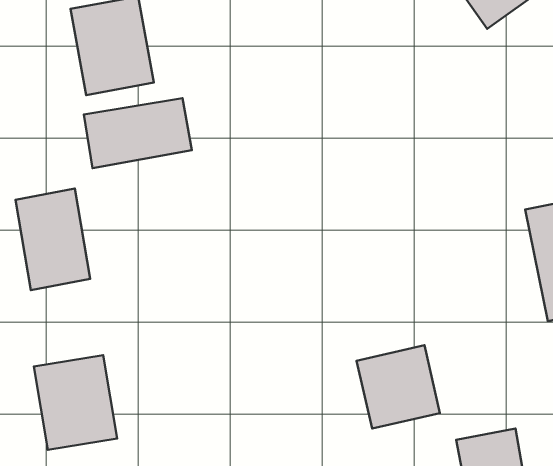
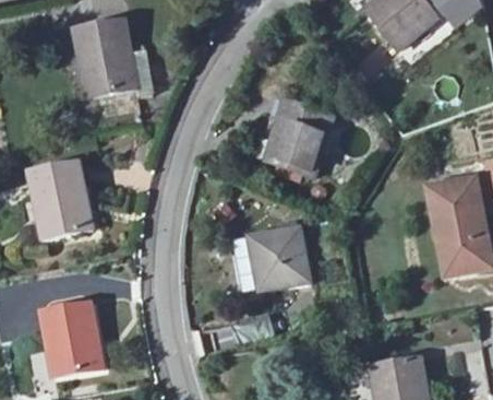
building: none -> [261,95,335,174]
building: [84,98,192,168] -> none
building: [357,345,440,429] -> [245,223,310,287]

